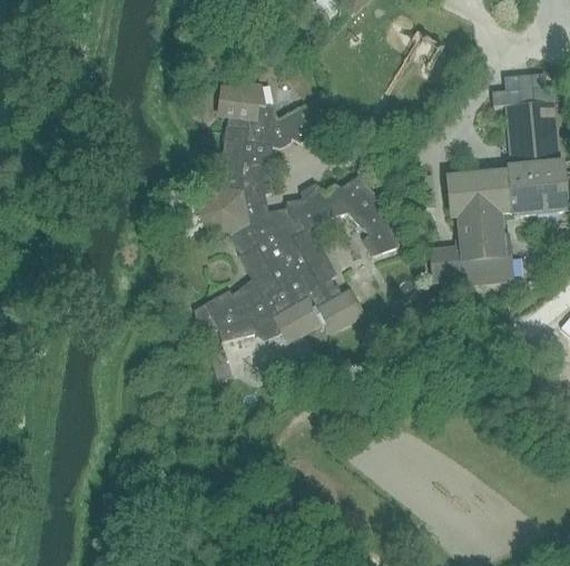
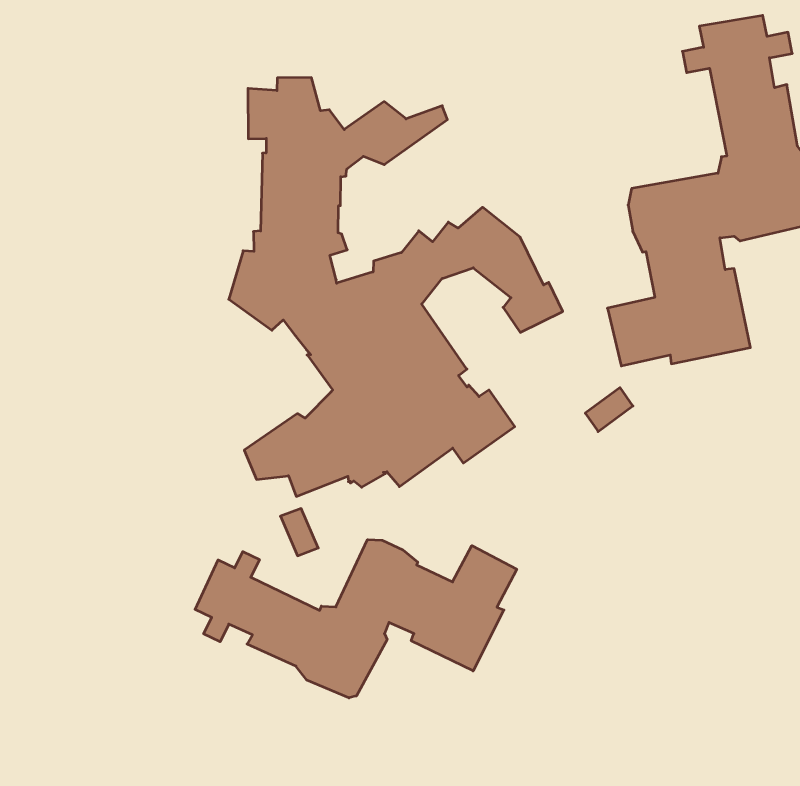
building: none -> [195,540,517,698]

